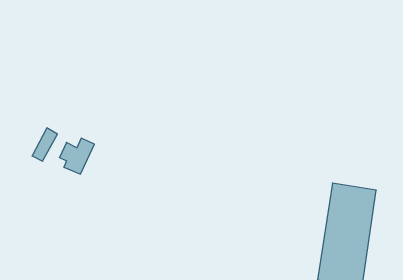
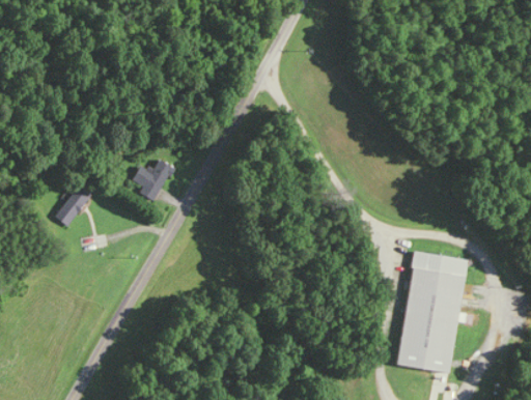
building: [59,138,94,174] -> [133,159,174,201]

